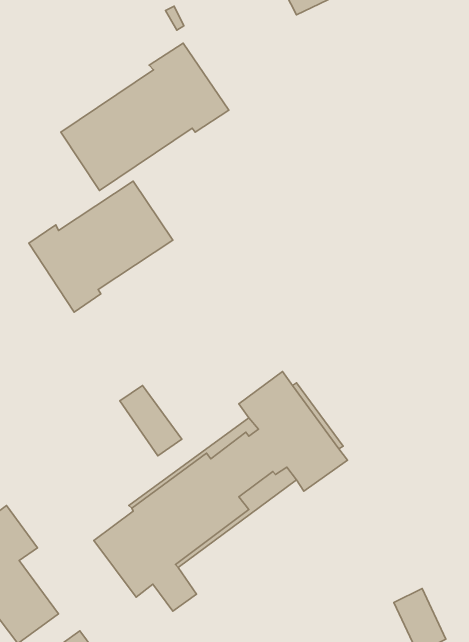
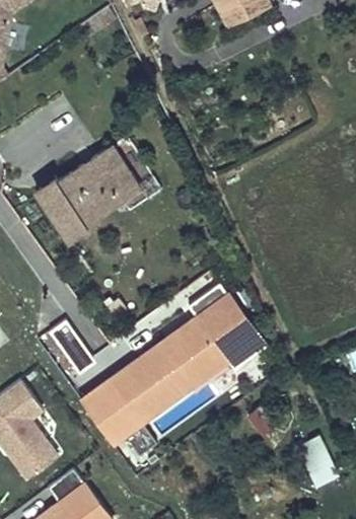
building: [61,43,229,190] -> none
building: [120,385,182,456] -> [49,321,93,372]

